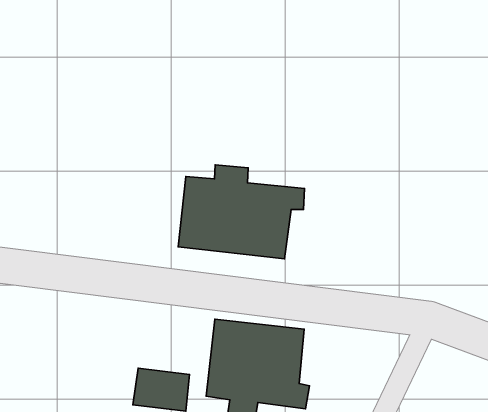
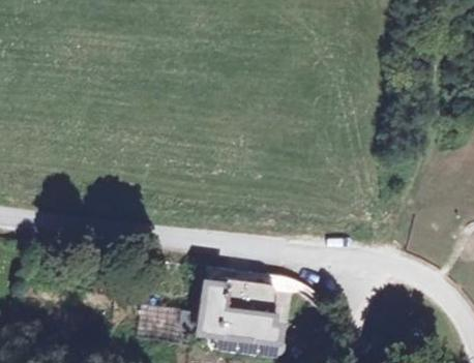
building: [178,165,304,259] -> none

